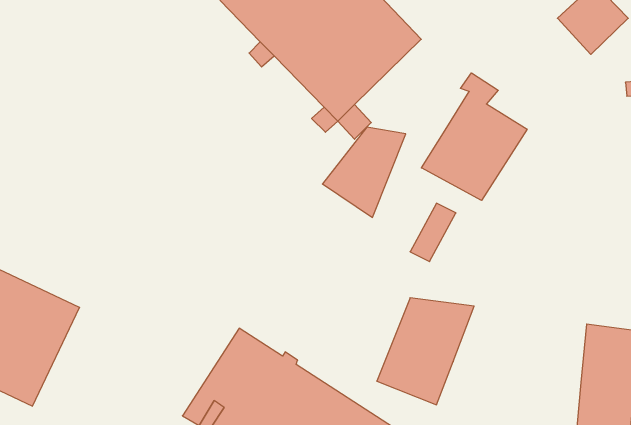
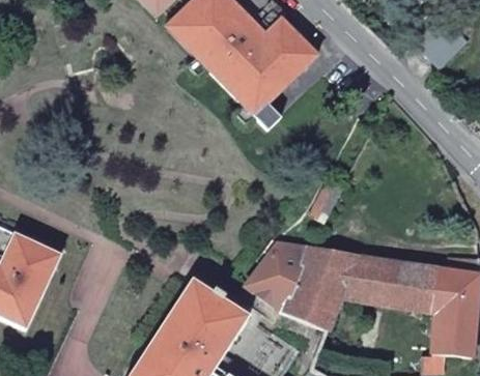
building: [421,73,527,200] -> none
building: [322,127,406,217] -> [246,243,308,311]
building: none -> [340,255,440,312]

